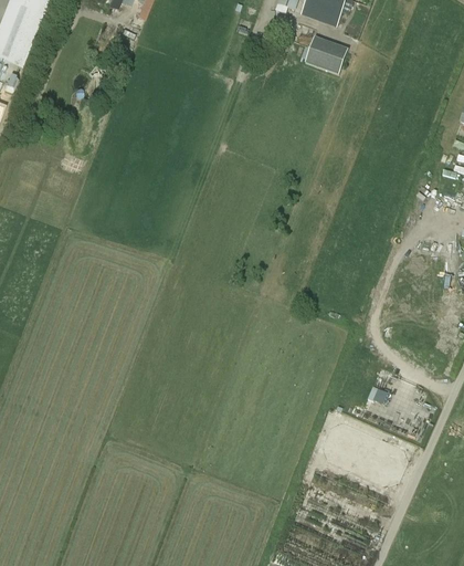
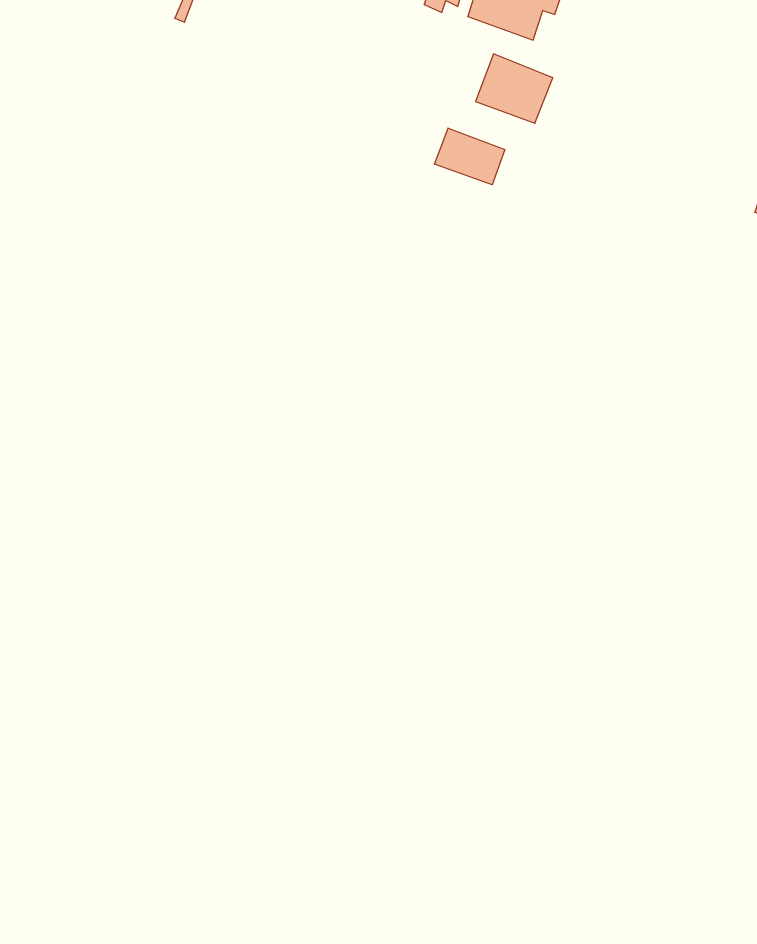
building: none -> [434,128,505,185]

